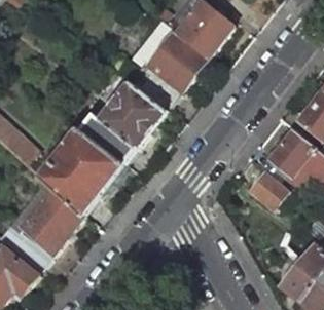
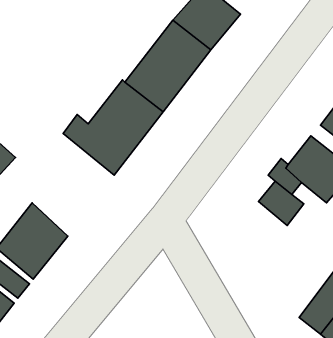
building: [38,128,120,217] -> none

